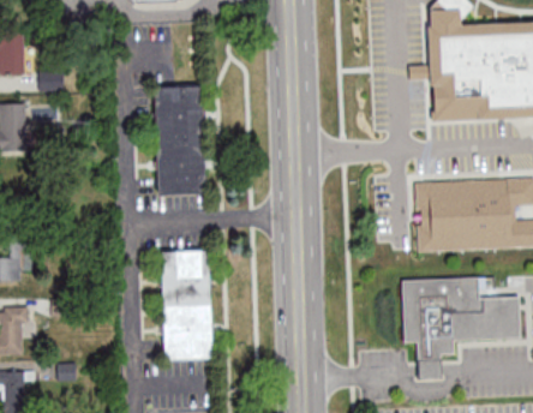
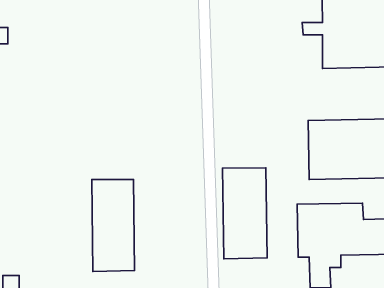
building: [156,86,206,194] -> none
building: none -> [222,168,267,259]

